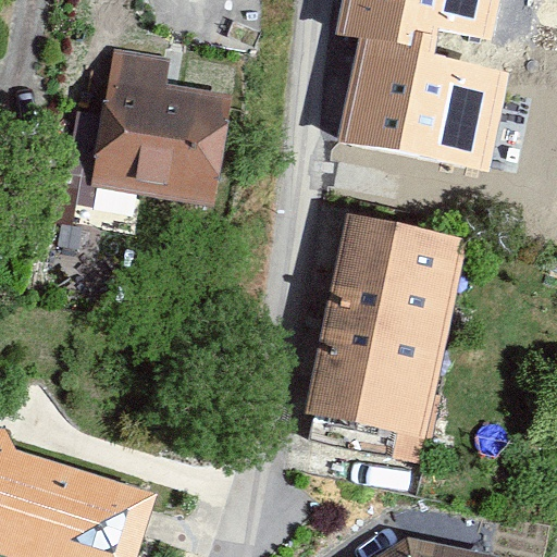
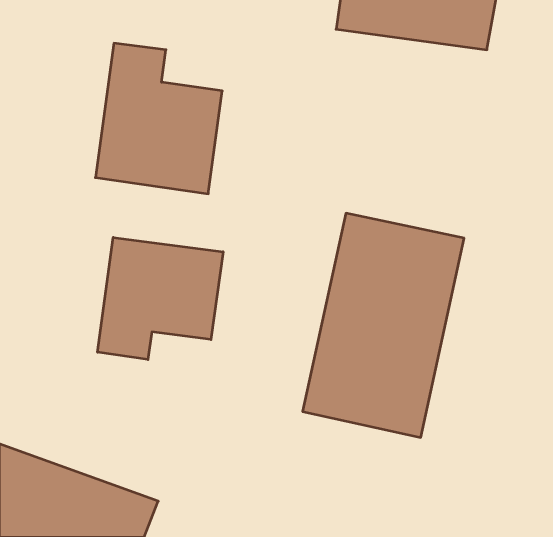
building: [329,39,519,182] -> none
building: none -> [98,237,223,360]

